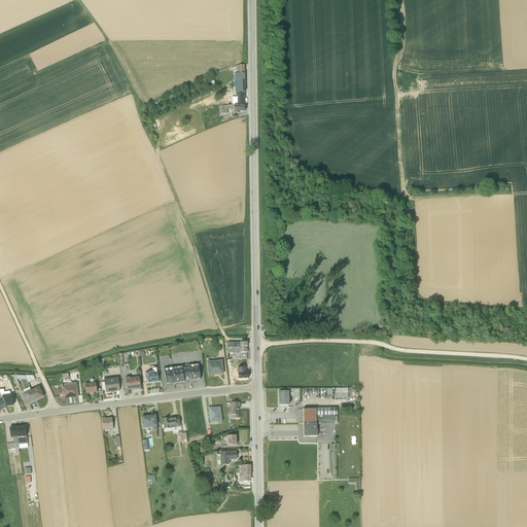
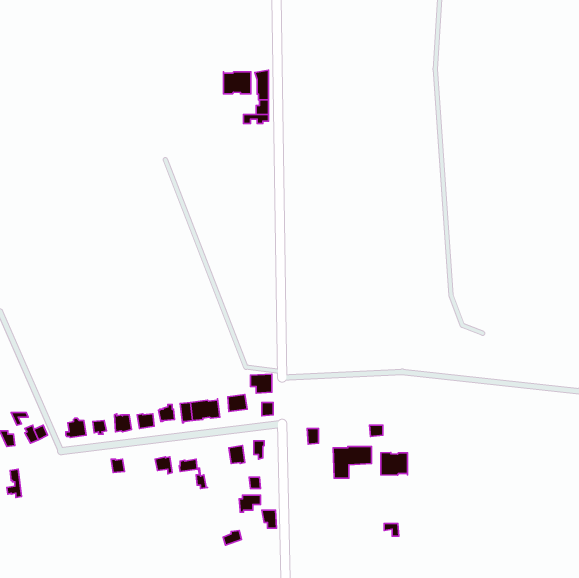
building: none -> [224,72,251,94]
building: none -> [381,453,407,475]

